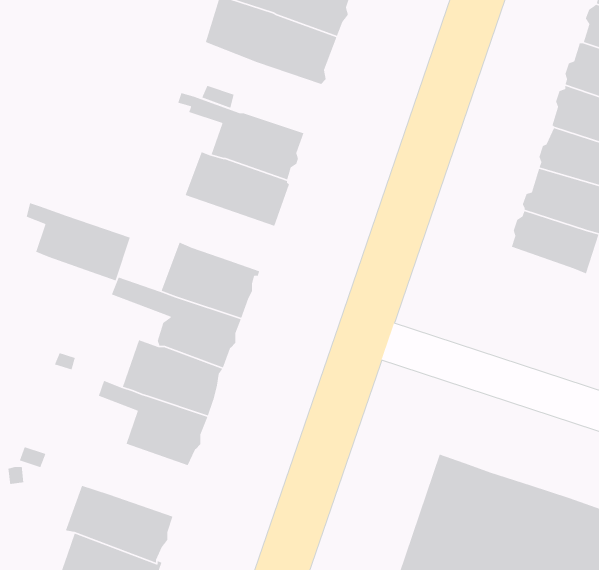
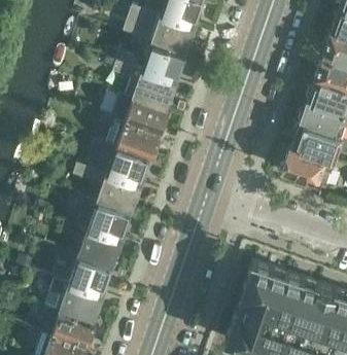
building: none -> [141,43,186,82]
building: [26,202,131,282] -> [102,115,161,159]
building: none -> [281,146,335,185]
building: none -> [68,256,112,296]

